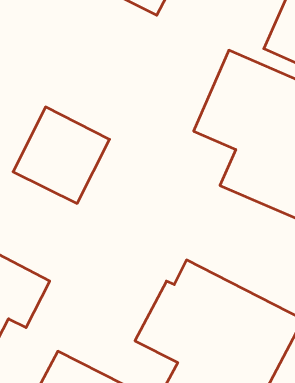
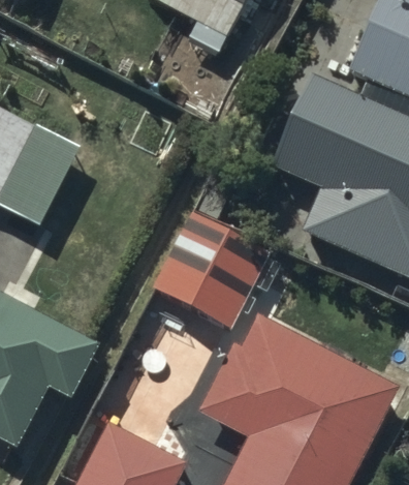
building: [13,107,110,203] -> [155,213,269,327]

